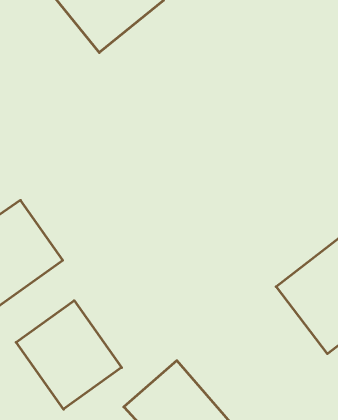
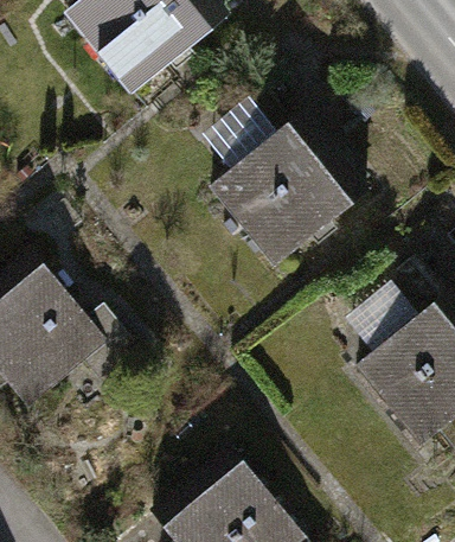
building: none -> [213,119,364,267]
building: [16,301,122,409] -> none

